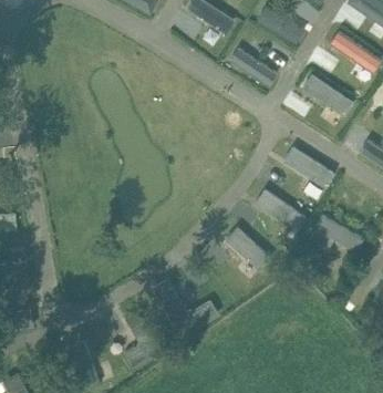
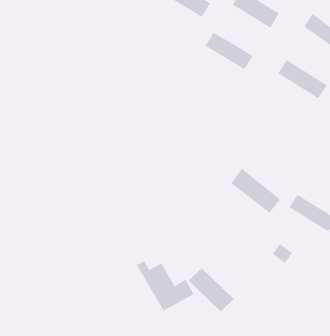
building: [282,145,337,189] -> none
building: [225,227,272,272] -> [188,268,235,312]

